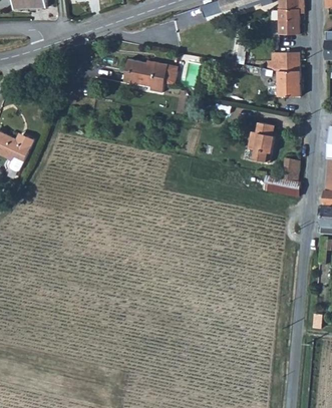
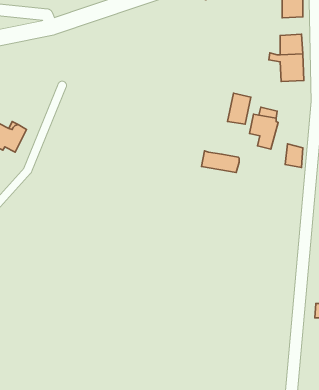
building: [122,58,176,91] -> none
building: none -> [227,93,251,124]
building: [262,173,299,194] -> [201,151,239,172]

